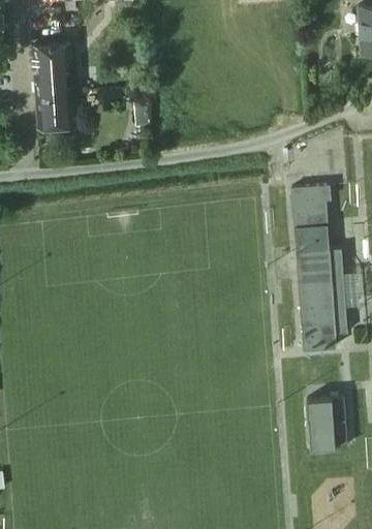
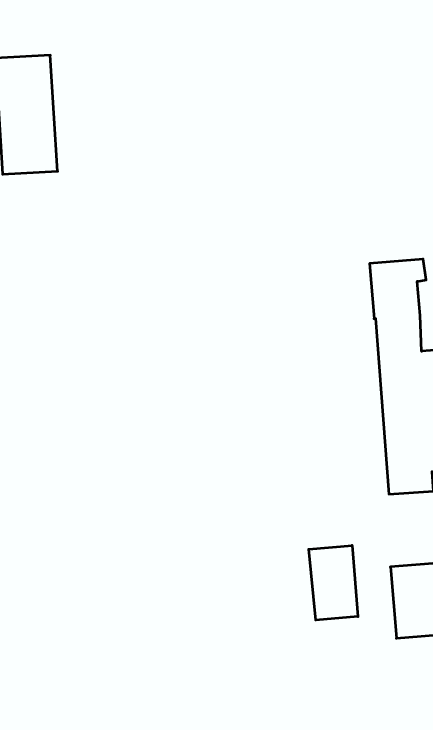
building: none -> [309,545,358,620]

